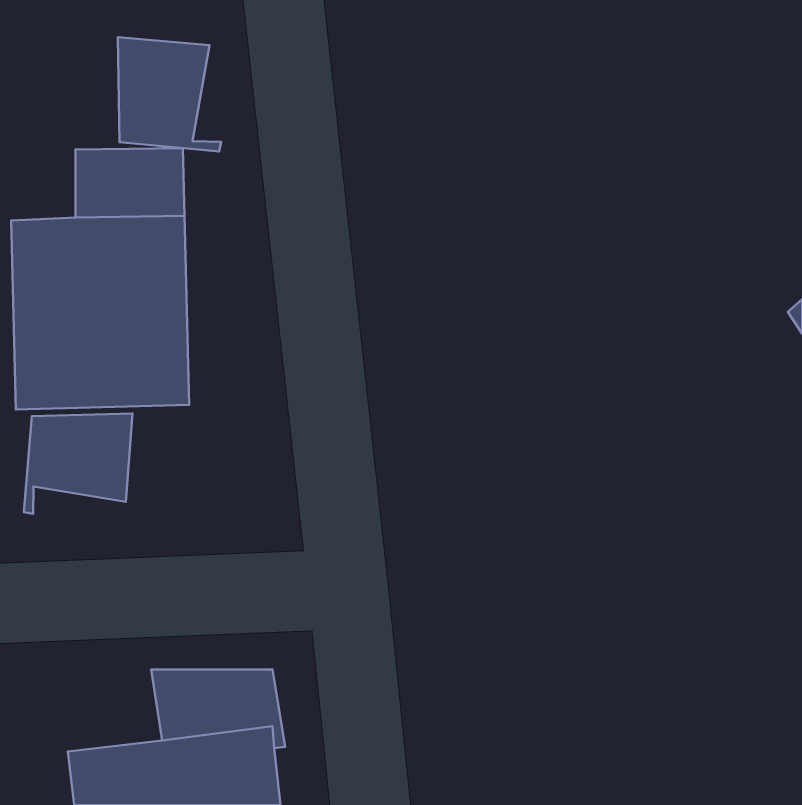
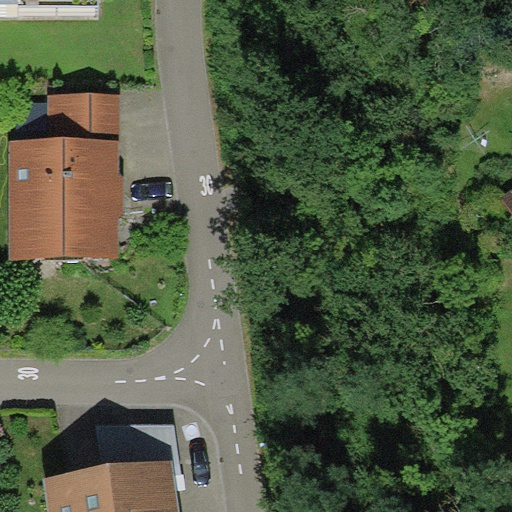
building: [118,37,221,152] -> none
building: [24,414,133,514] -> none

